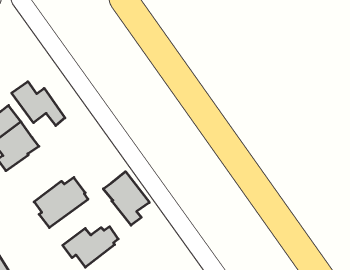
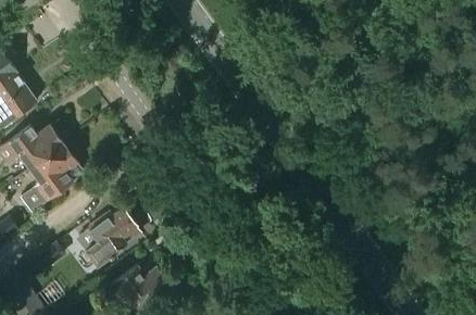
building: [12,82,65,126] -> none
building: [103,172,149,225] -> none

